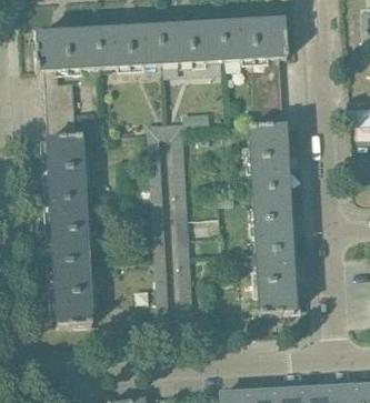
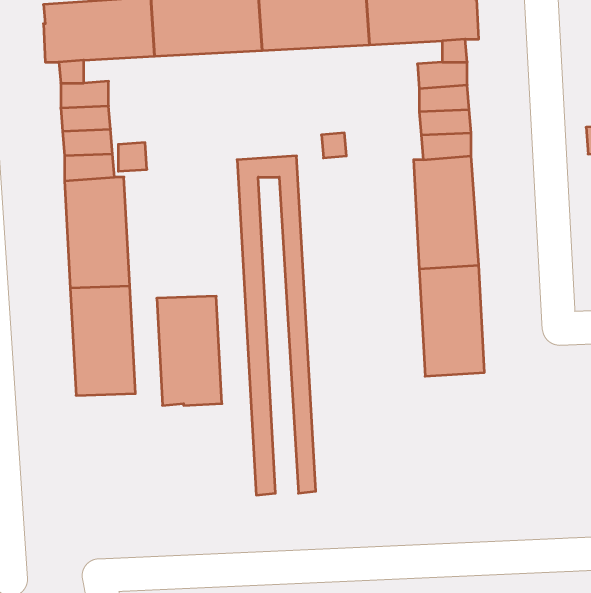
building: [257,251,294,316] -> none
building: [54,263,92,326] -> [157,296,222,405]

